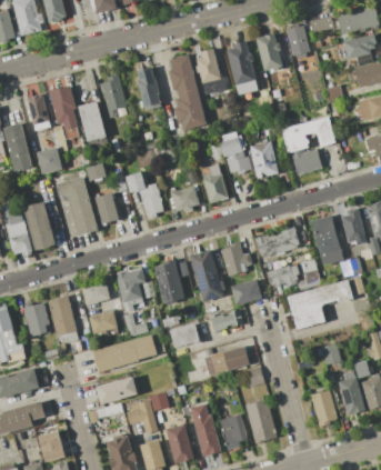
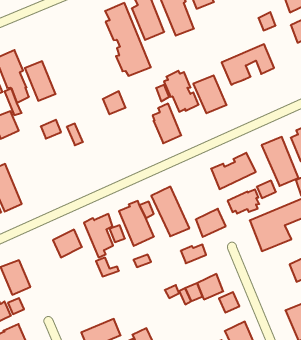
building: [137,67,161,111] -> none
building: [100,74,127,118] -> none
building: [291,149,323,174] -> none
building: [126,172,163,219] -> none
building: [56,177,98,236] -> none
building: [170,186,200,212] -> none
building: [94,192,119,223] -> none
building: [220,241,251,276] -> none
building: [48,294,77,336] -> none
building: [89,310,117,334] -> none
building: [170,323,199,348] -> none
building: [93,334,158,372] -> none

